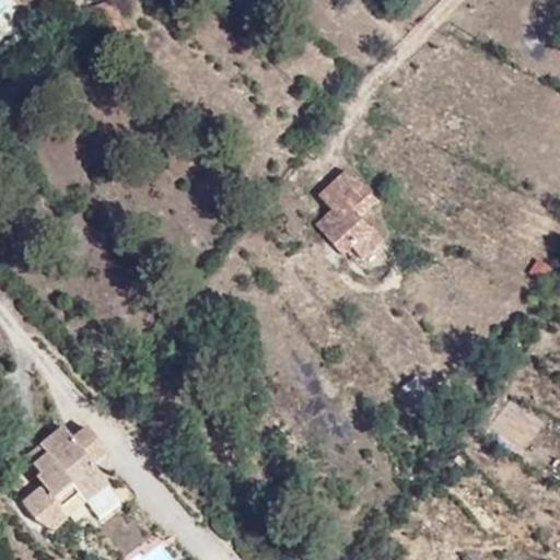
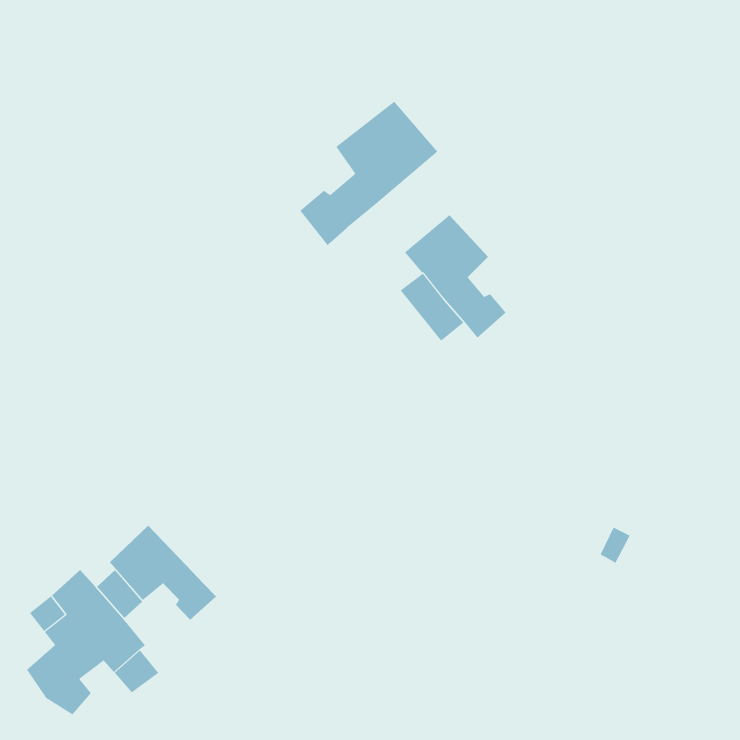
building: none -> [299,101,438,246]
building: none -> [109,525,217,621]

